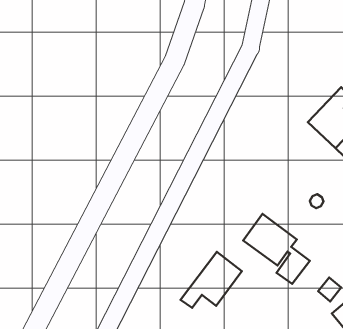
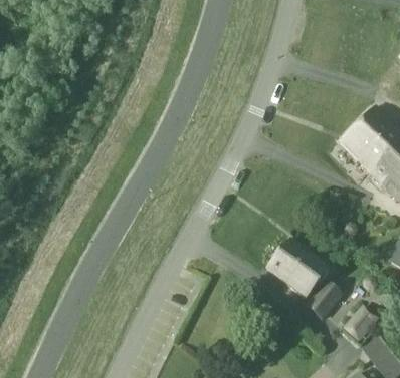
building: [180,252,242,308] -> none

